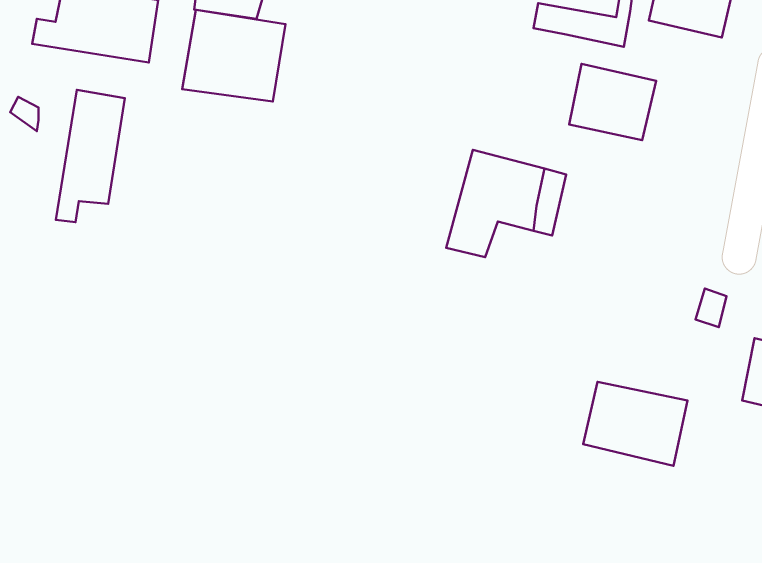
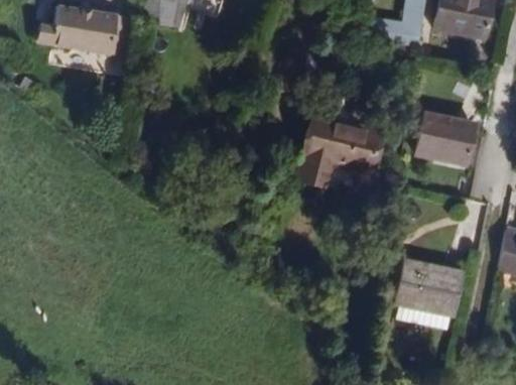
building: [182,10,285,102] -> none
building: [569,64,656,140] -> [416,115,473,164]
building: [56,90,125,222] -> none

